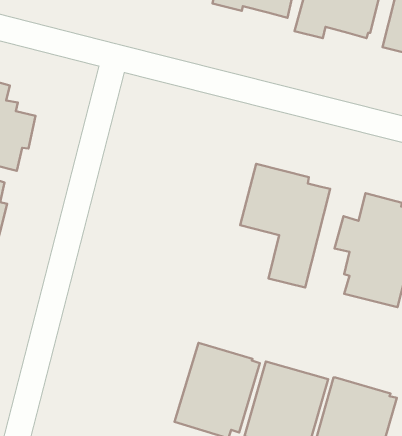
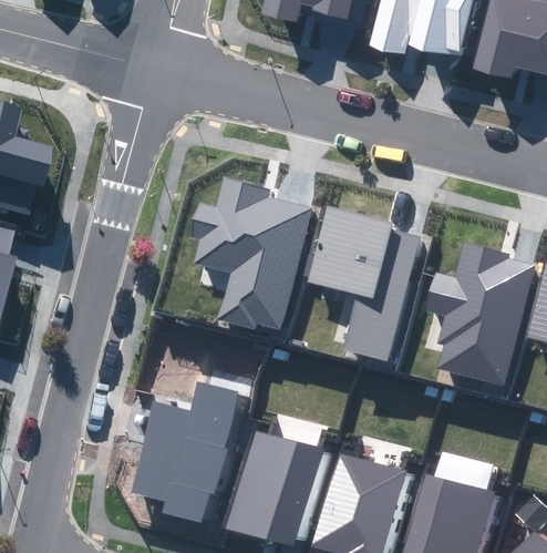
building: none -> [189,177,310,329]
building: none -> [130,382,236,523]

